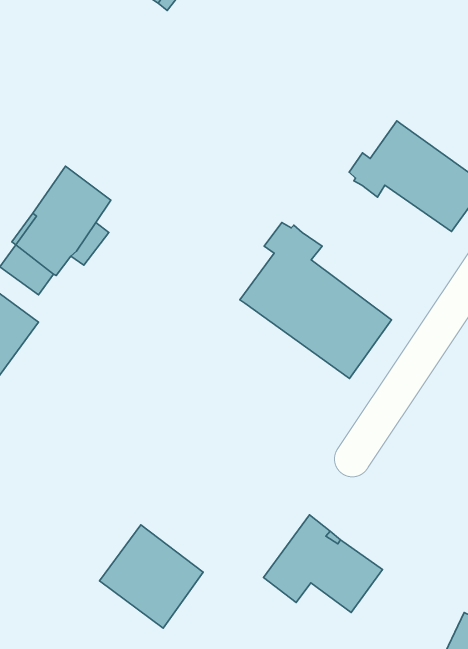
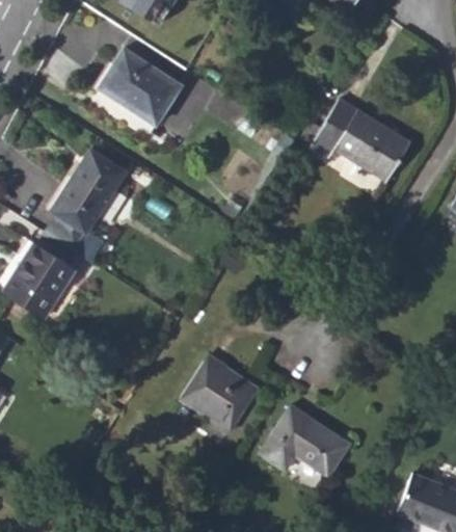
building: none -> [90,48,181,137]
building: [240,223,392,379] -> none
building: [99,525,203,628] -> [181,355,260,433]

